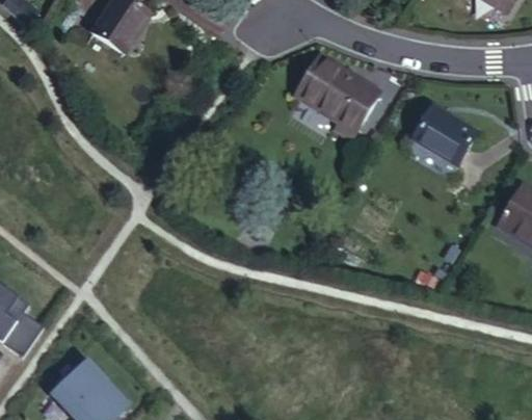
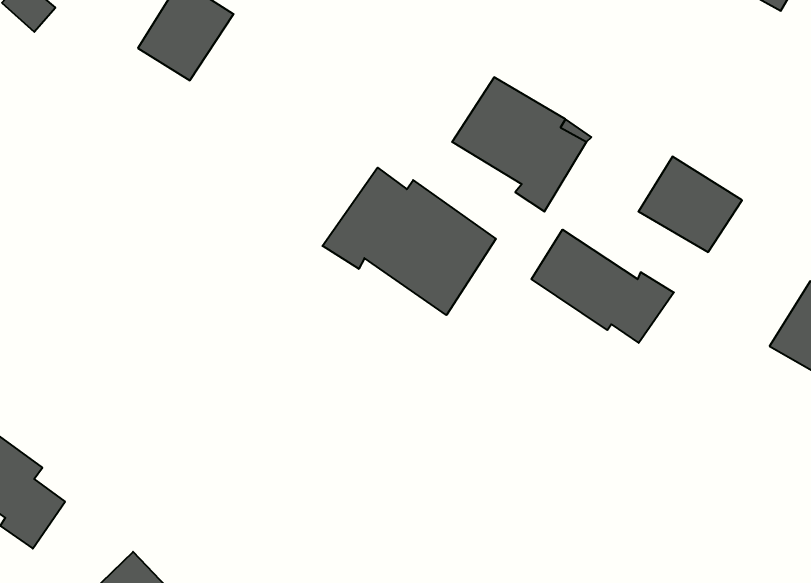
building: none -> [322,168,496,315]
building: none -> [531,230,674,343]

